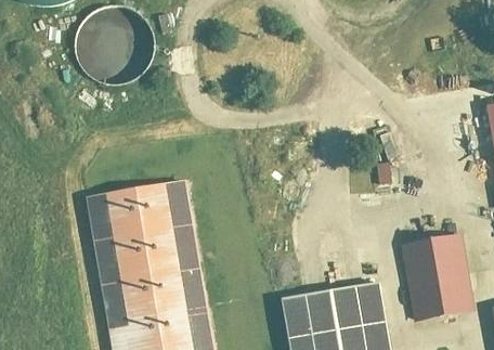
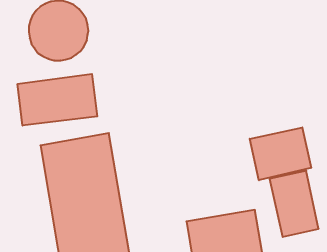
building: none -> [18,74,97,126]
building: none -> [250,127,311,180]

